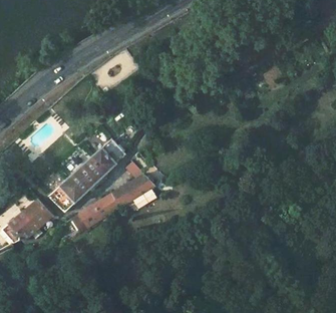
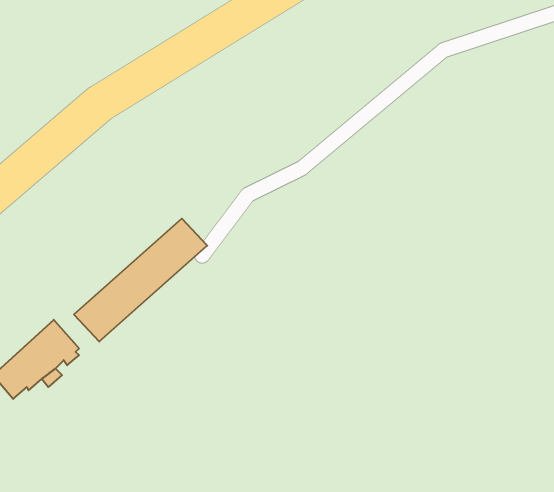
building: [74,160,154,228] -> none

